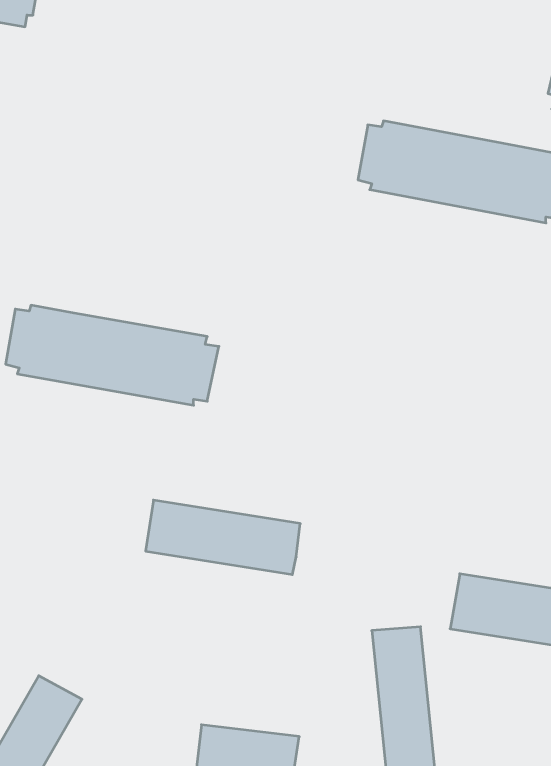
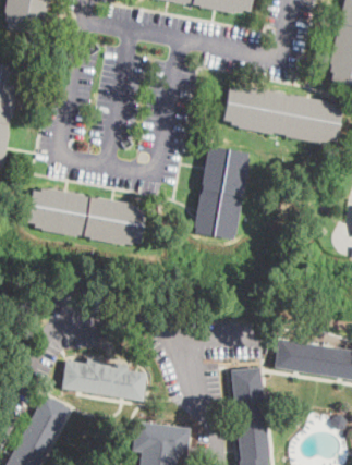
building: none -> [195,146,248,240]
building: [146,500,300,575] -> [61,359,147,401]

